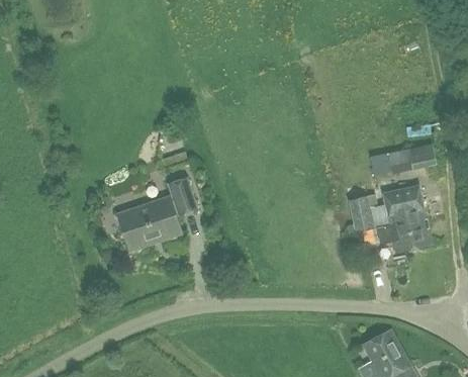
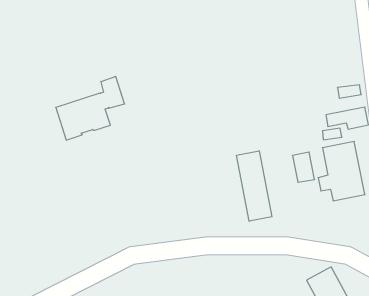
building: [118,177,197,250] -> [56,76,125,140]
building: none -> [237,151,272,221]

